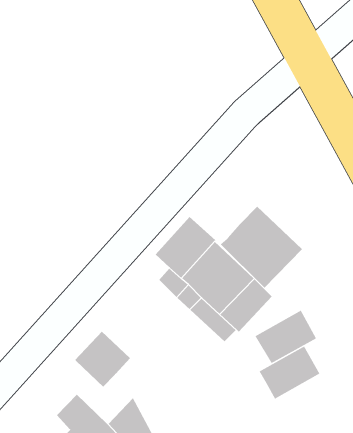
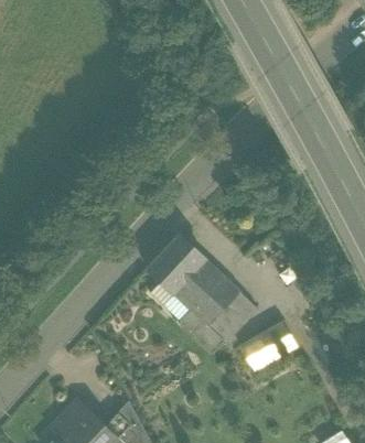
building: [220,206,303,289] -> none
building: [74,331,131,388] -> none
building: [259,346,320,399] -> none

